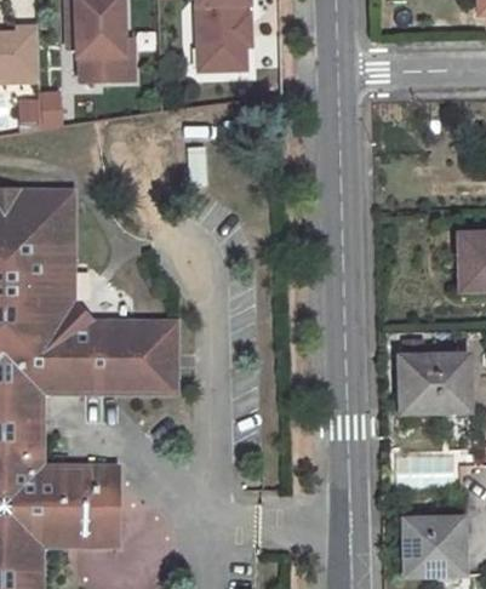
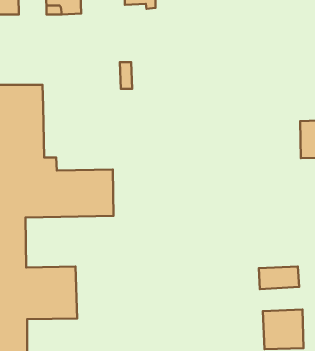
building: [17,95,61,132] -> none
building: [399,358,469,416] -> none

